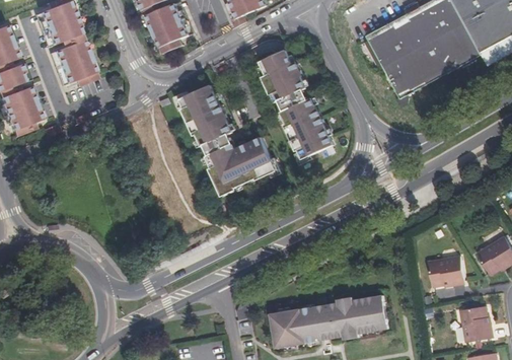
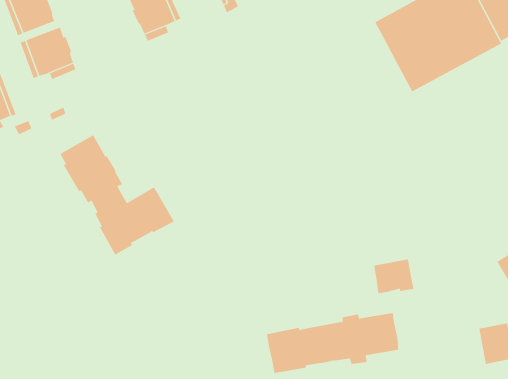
building: [260,46,340,154] -> none
building: [178,81,282,190] -> [59,135,175,255]
building: [427,257,463,288] -> [373,259,414,294]

